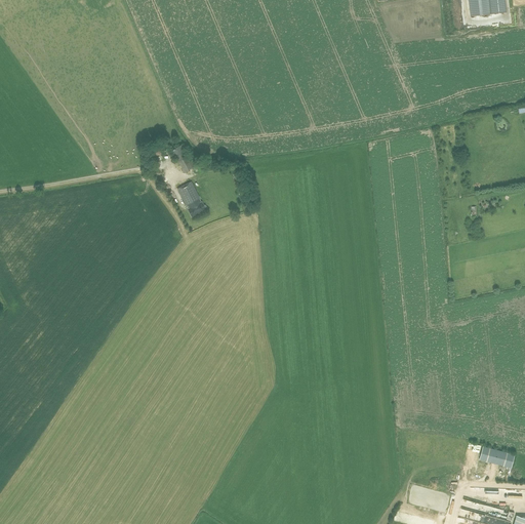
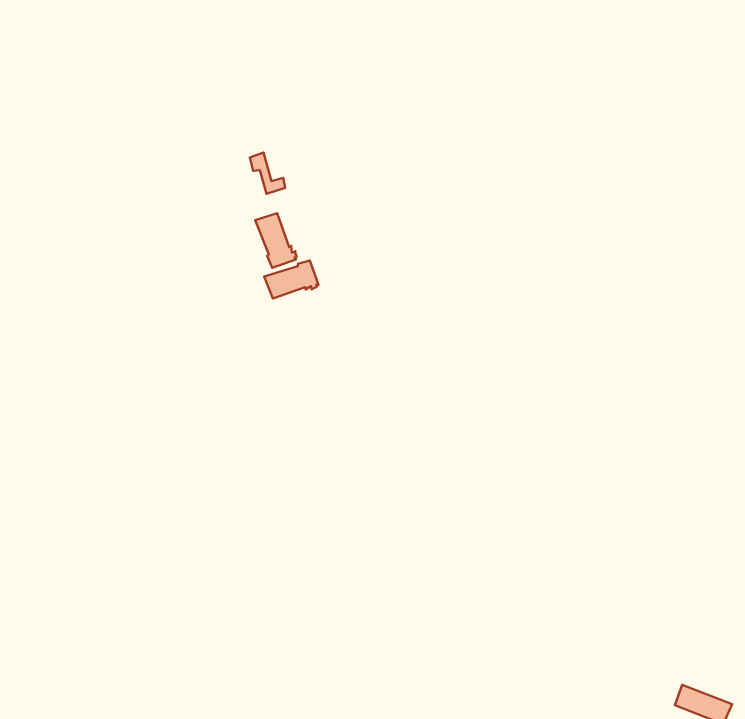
building: none -> [264,260,318,299]

